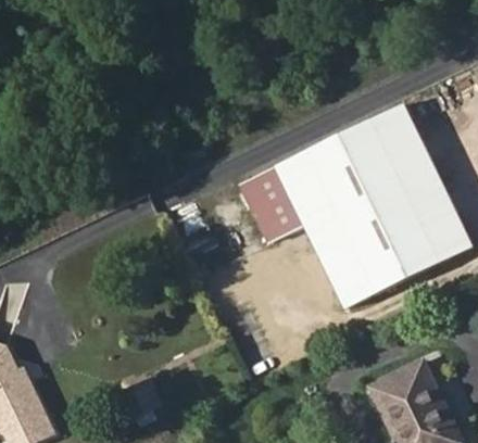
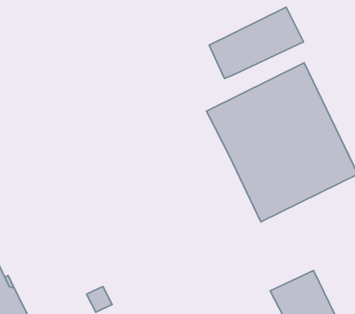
building: none -> [209,7,304,79]
building: [244,163,309,238] -> none

